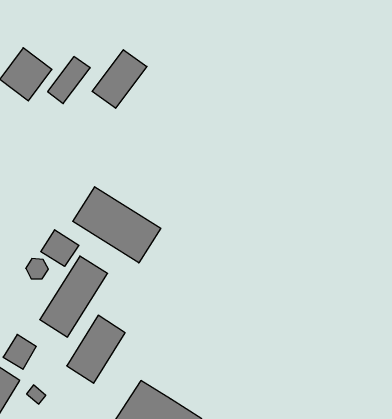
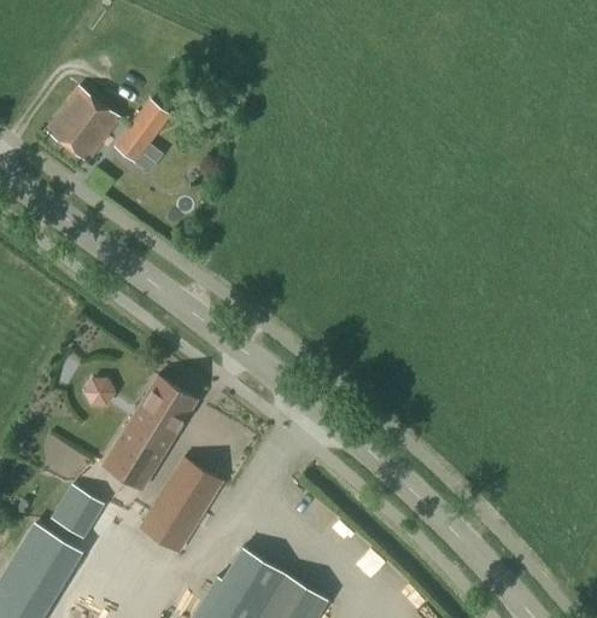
building: [92,50,147,108] -> none
building: [73,187,161,263] -> none
building: [41,230,79,266] -> none

